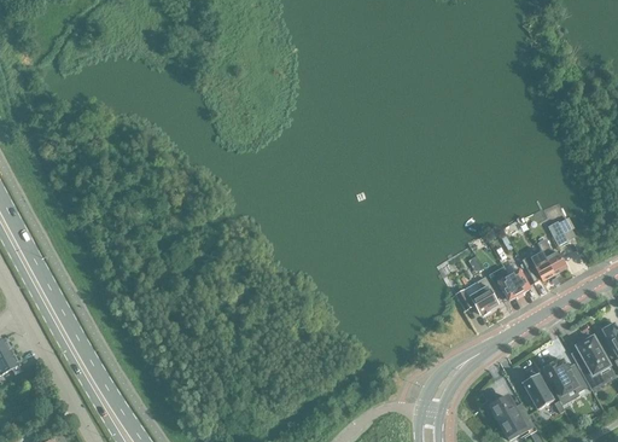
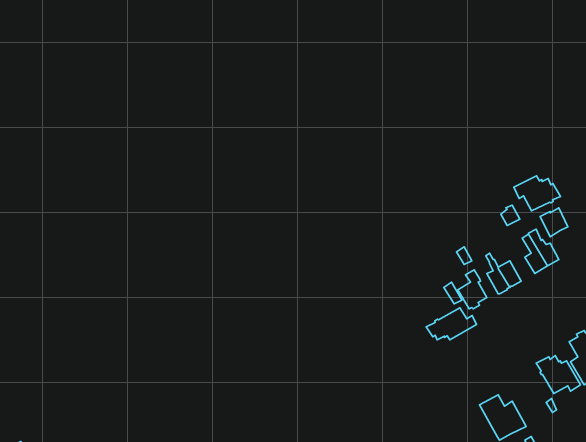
building: none -> [514,176,560,211]
building: none -> [426,308,477,340]
building: [523,372,553,408] -> none

